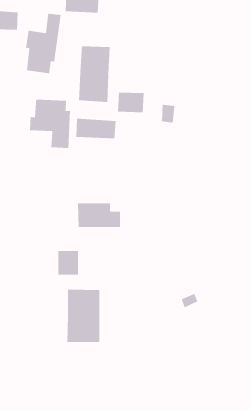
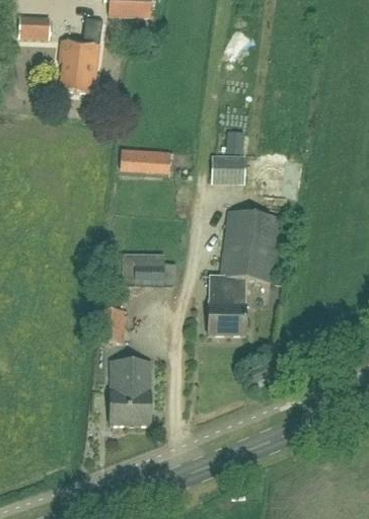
building: [78,46,110,103] -> none
building: [117,92,144,113] -> [211,156,244,181]
building: [30,99,70,149] -> none
building: none -> [209,210,279,335]

